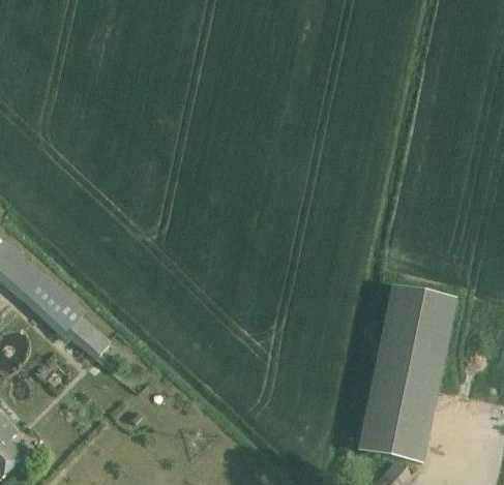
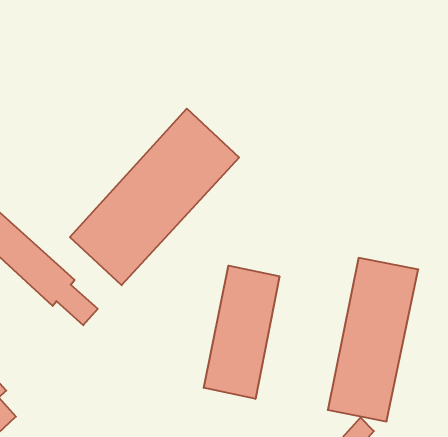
building: none -> [70,109,239,285]
building: none -> [204,266,279,399]

